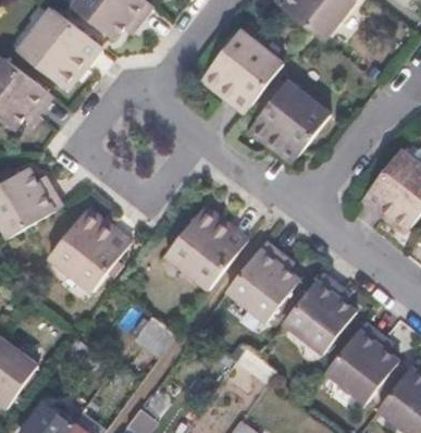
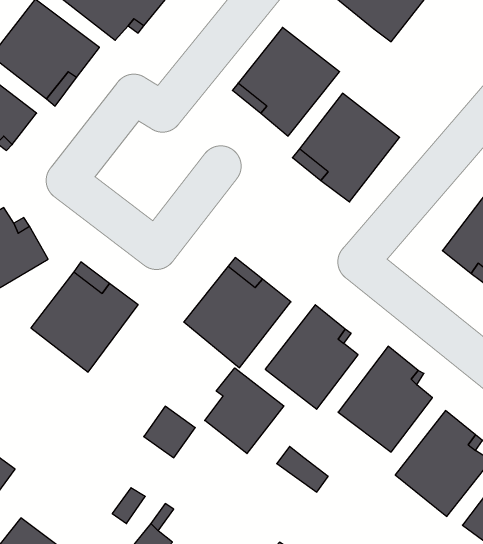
building: none -> [205,368,284,454]

